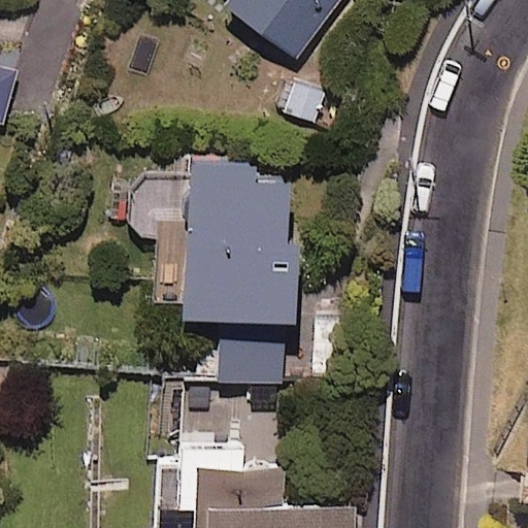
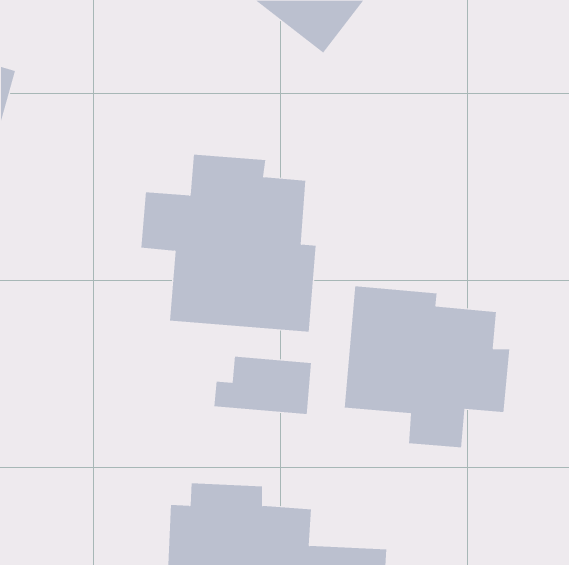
building: none -> [344,286,510,448]

